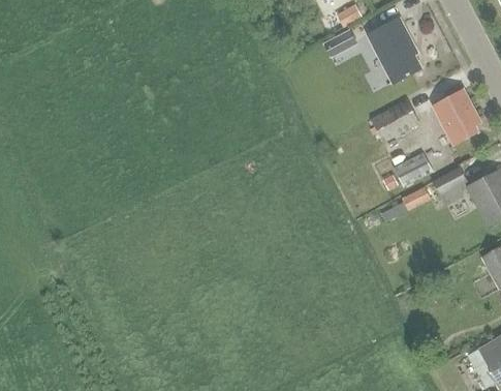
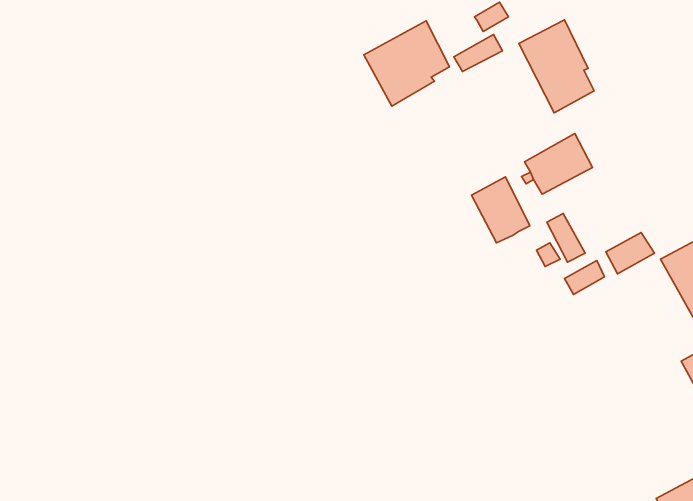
building: none -> [364,21,450,106]
building: [434,90,480,143] -> none
building: none -> [471,177,530,243]

